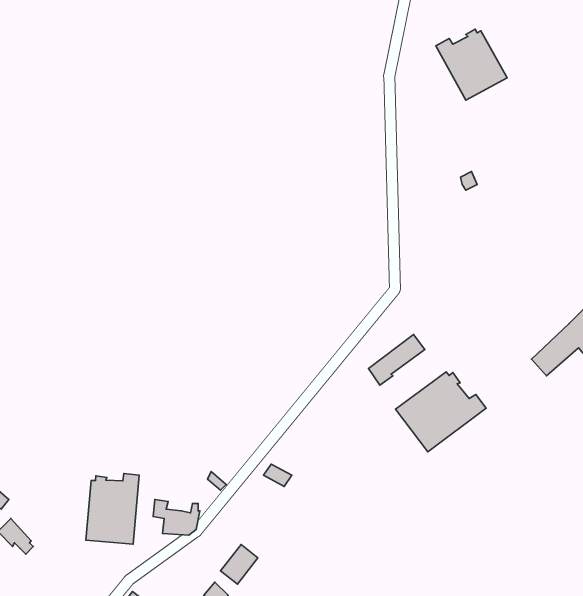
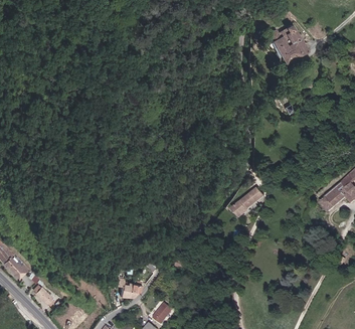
building: [396,372,486,452] -> none
building: [86,473,139,544] -> none

